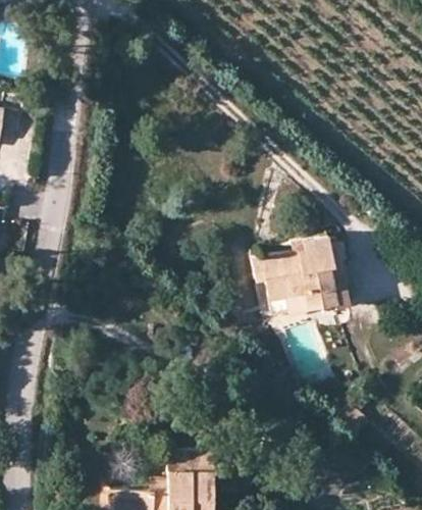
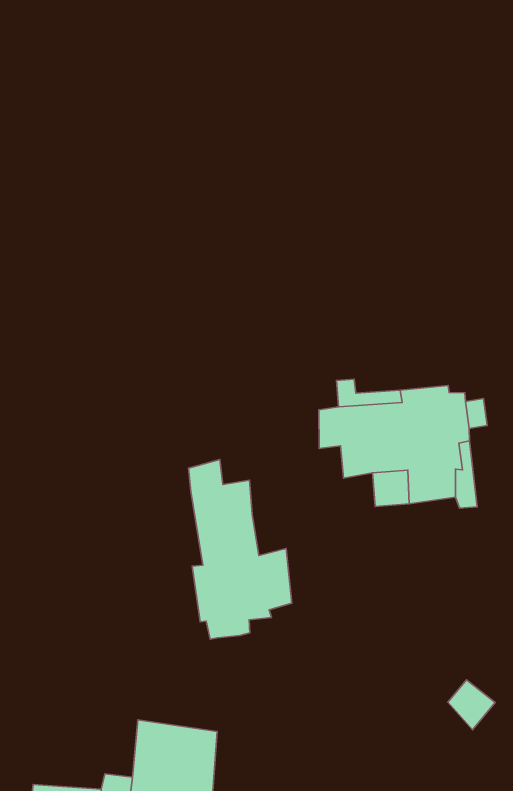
building: none -> [188,459,292,639]

